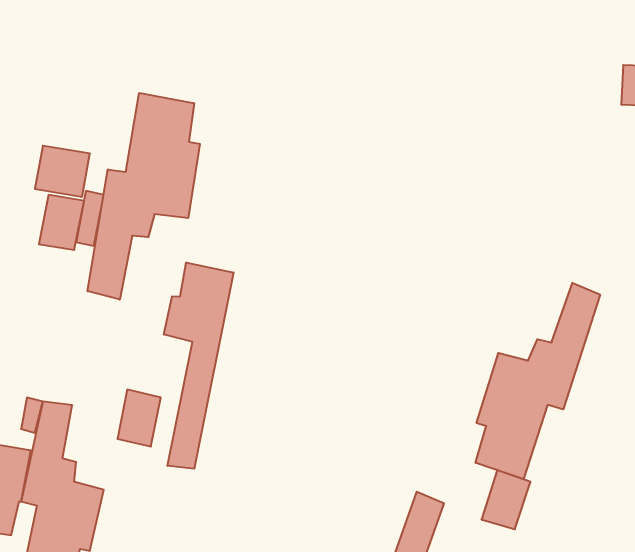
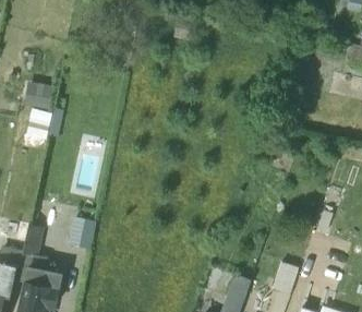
building: [88,93,200,300] -> none
building: [164,262,234,469] -> none
building: [476,283,600,479] -> none

